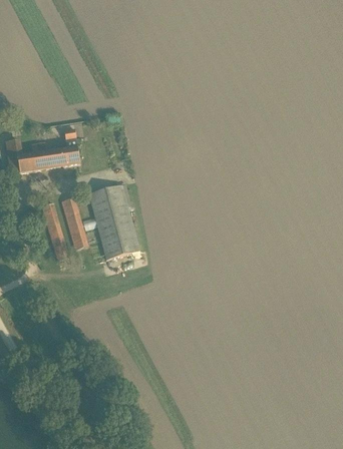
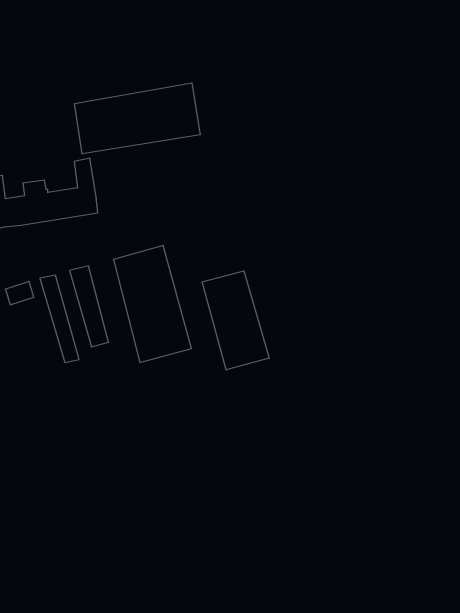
building: none -> [75,83,200,154]
building: none -> [202,271,269,370]

